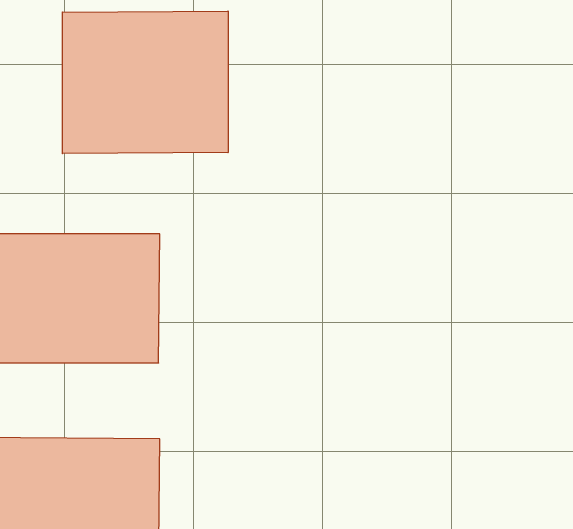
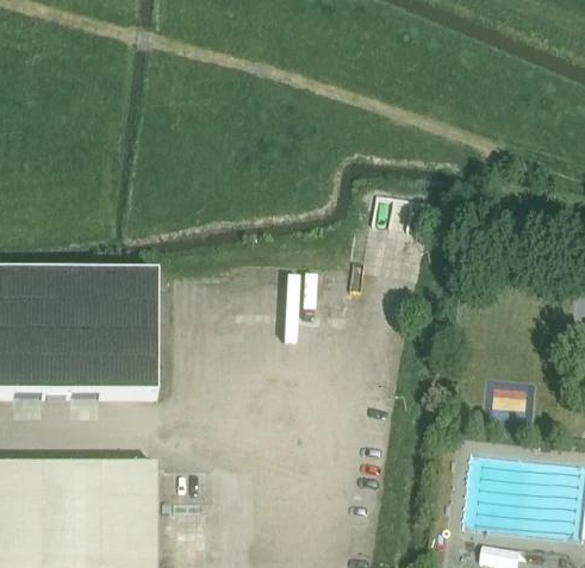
building: [62,11,228,154] -> none

